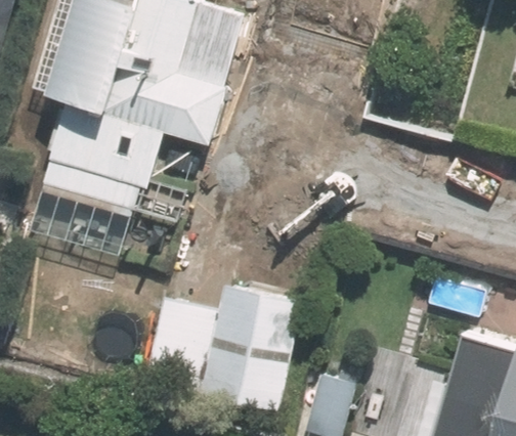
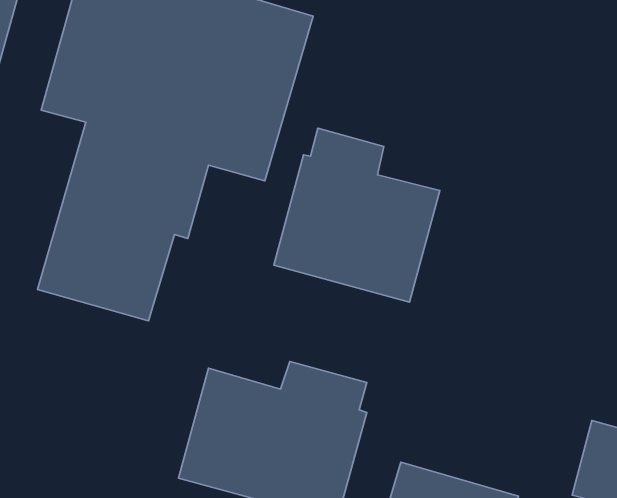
building: none -> [274,128,440,302]

